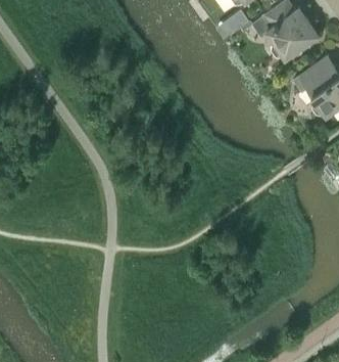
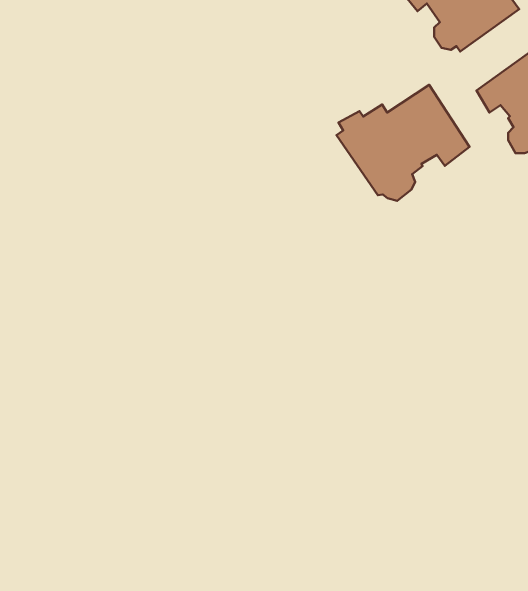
building: none -> [337,85,469,201]

